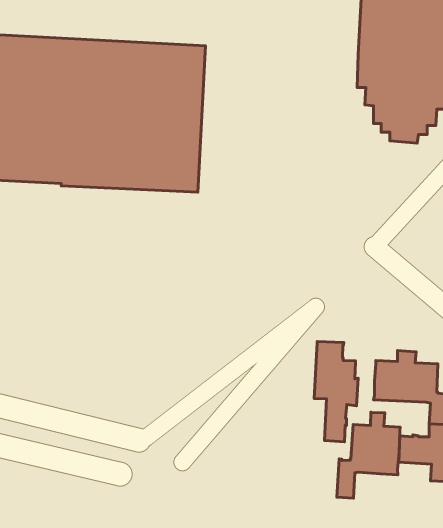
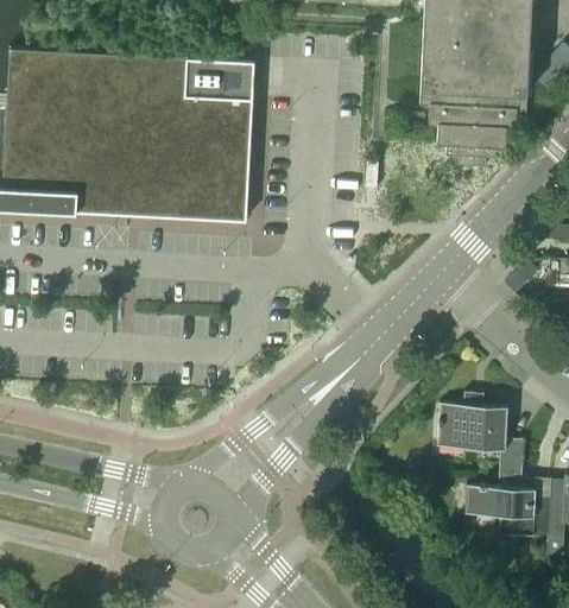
building: [314,342,358,442] -> none
building: [337,412,400,498] -> none

